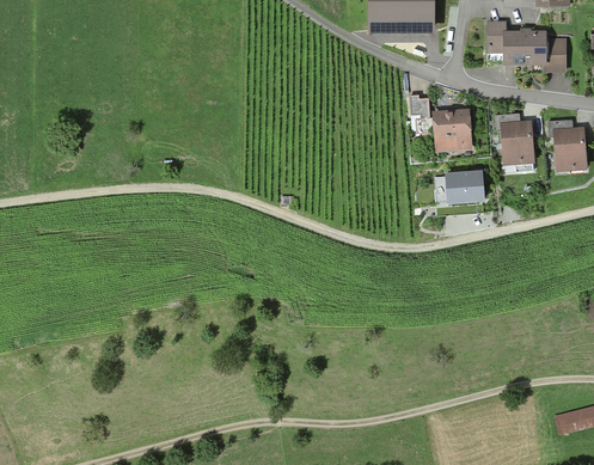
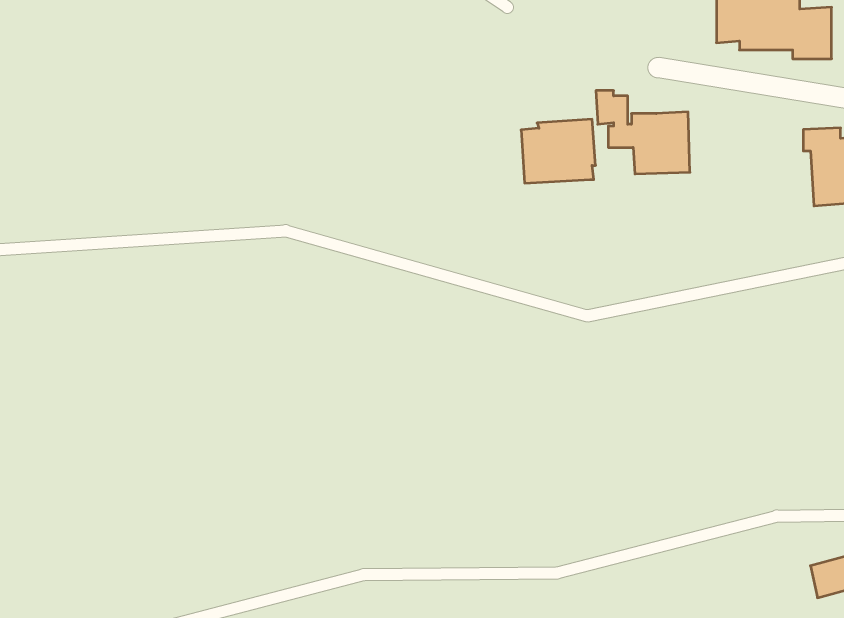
building: [495,112,534,165] -> none
building: [434,170,484,213] -> [521,119,596,183]

